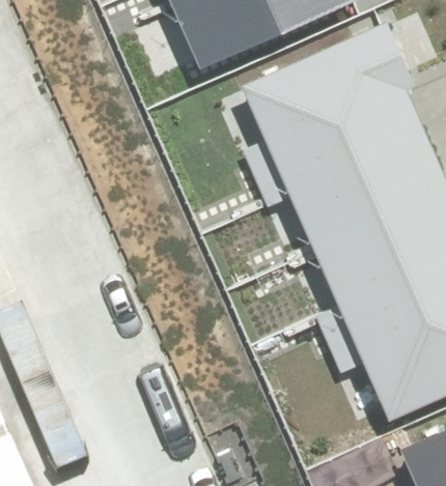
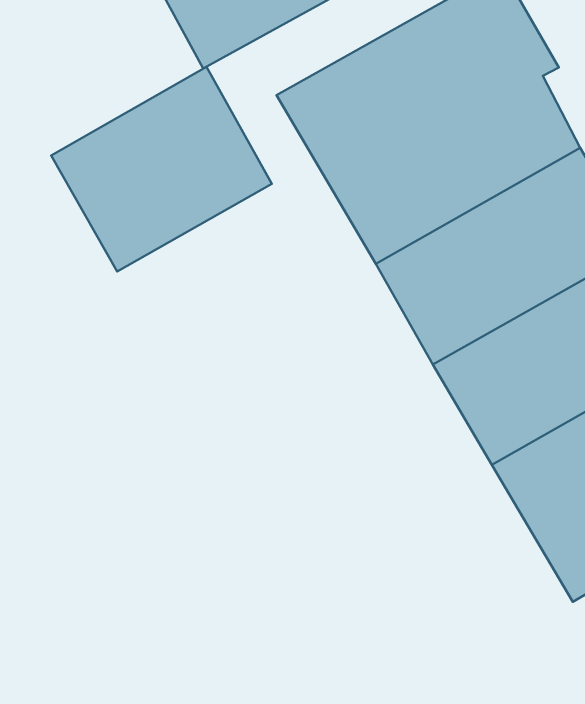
building: none -> [51,67,272,272]

